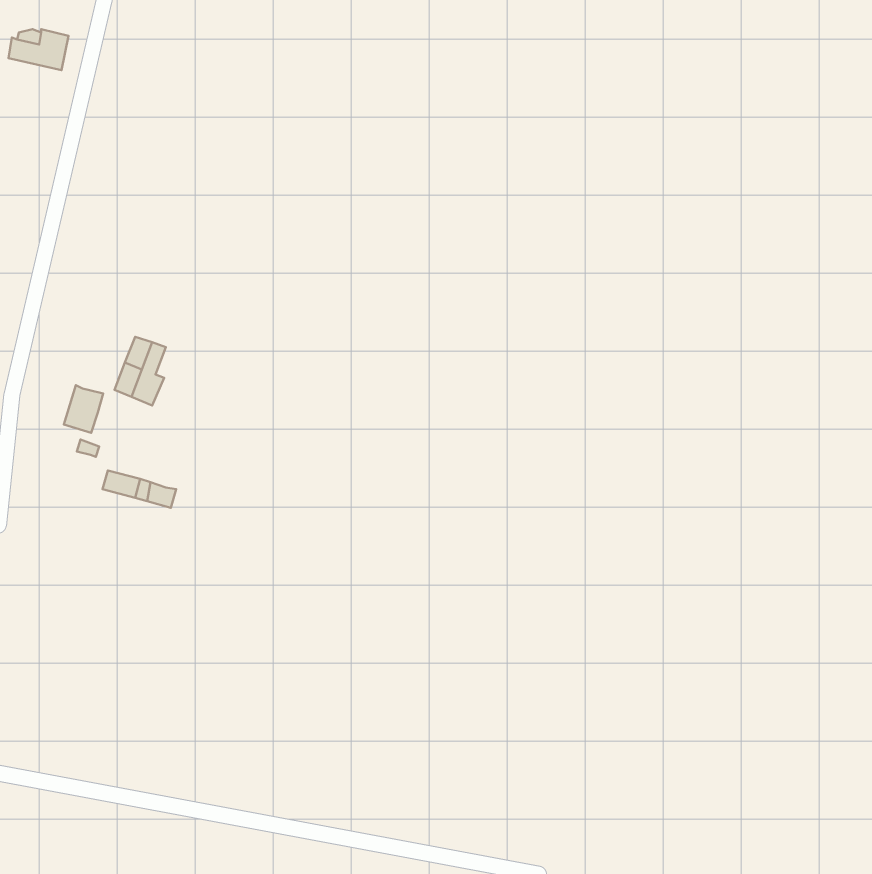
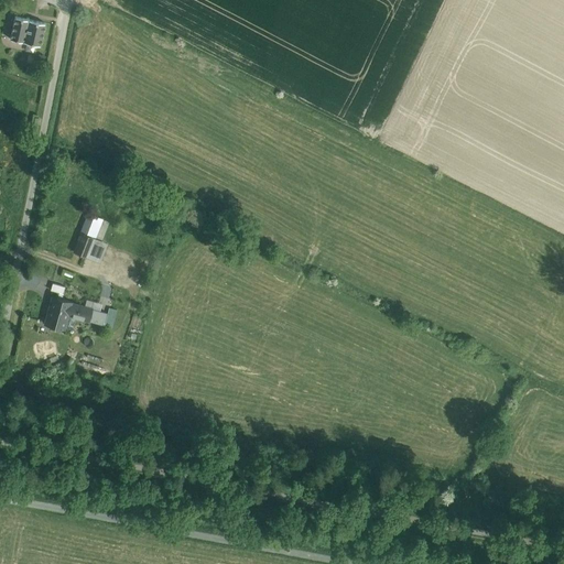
building: [64,385,103,433] -> [44,297,69,328]

